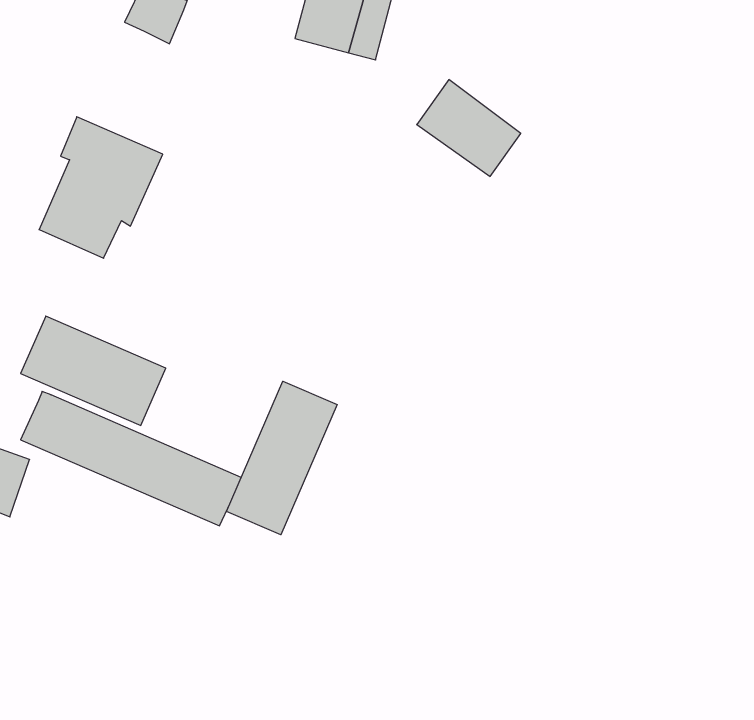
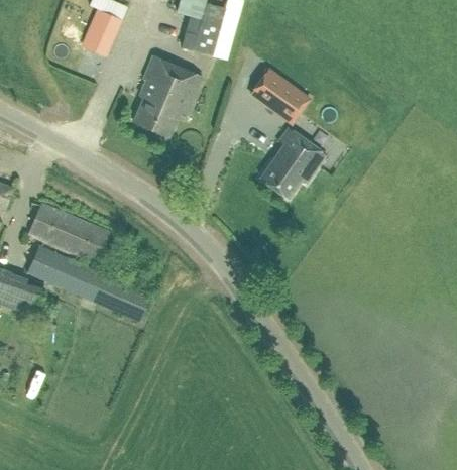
building: [39,117,163,258] -> [132,55,202,135]
building: none -> [259,127,325,197]
building: [226,381,337,535] -> none

